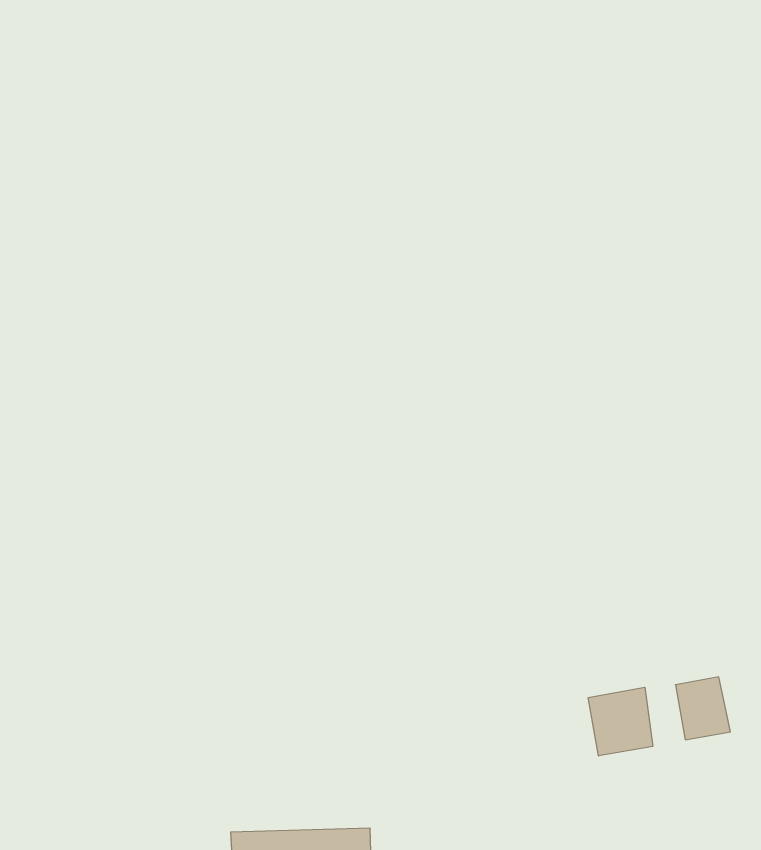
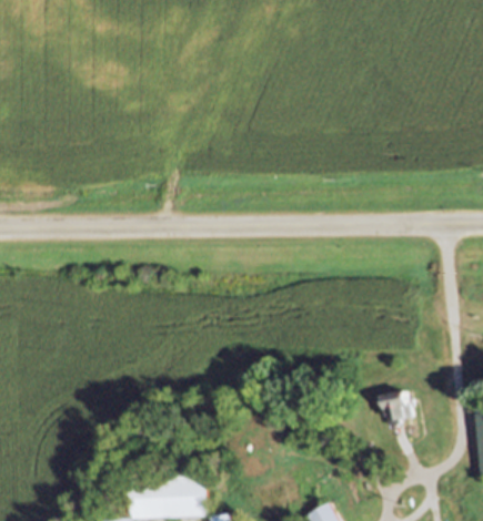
building: [588,687,653,756] -> none

